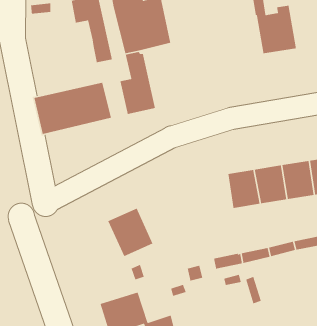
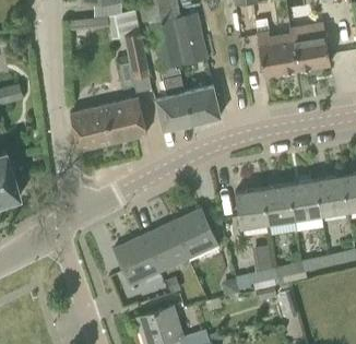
building: none -> [257,31,297,76]
building: none -> [183,84,221,124]
building: none -> [235,189,268,228]
building: none -> [173,209,218,259]
building: none -> [114,236,159,286]

